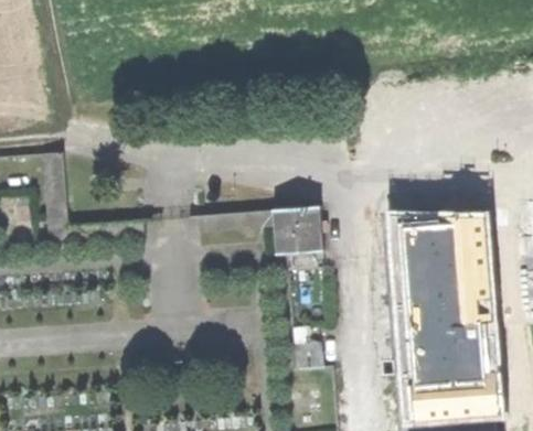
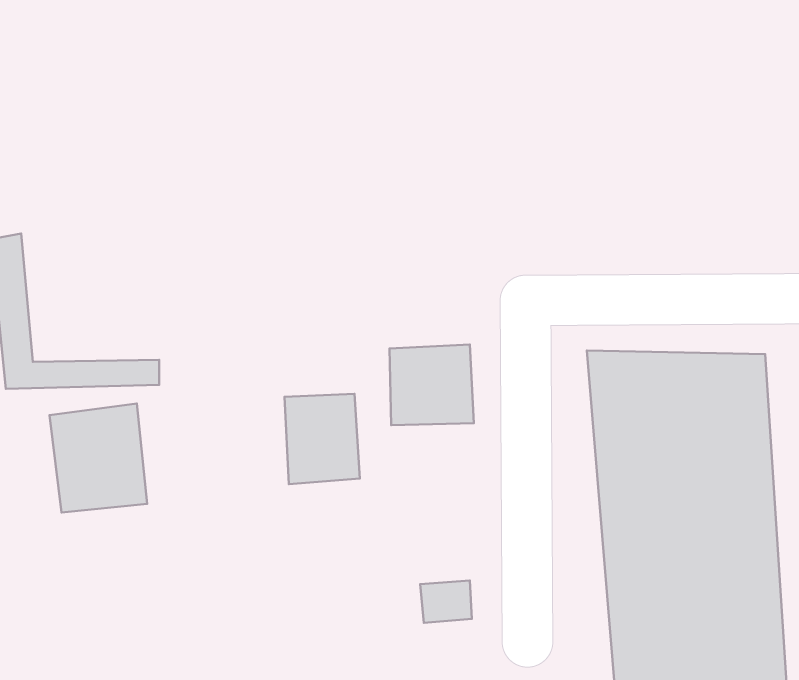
building: none -> [285,394,360,484]
building: none -> [50,404,147,513]

